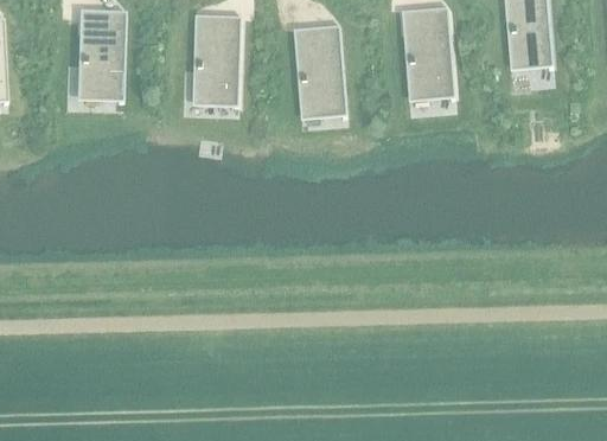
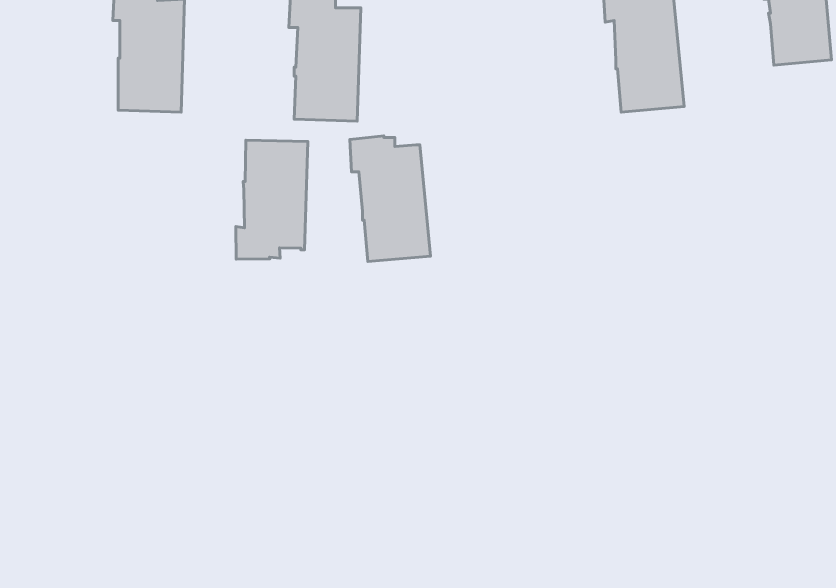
building: [292,31,345,114] -> [350,136,431,262]
building: none -> [236,140,308,259]

